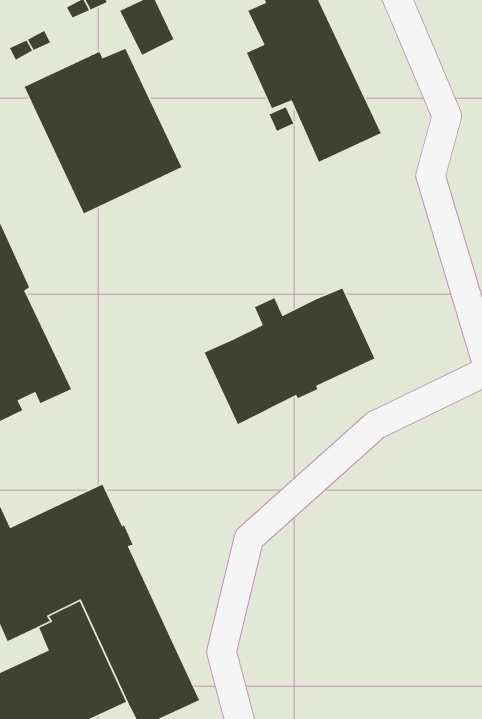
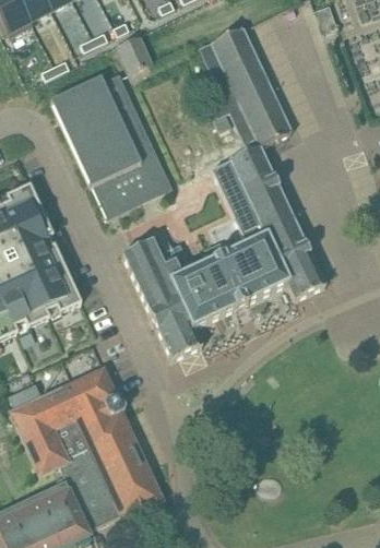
building: none -> [212,145,324,299]
building: none -> [92,154,173,217]
building: none -> [121,235,202,359]

